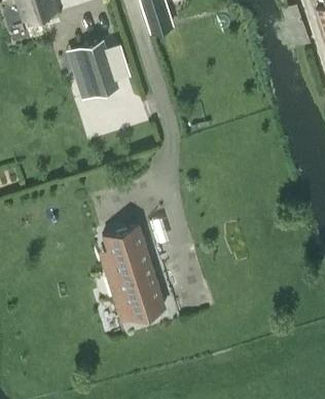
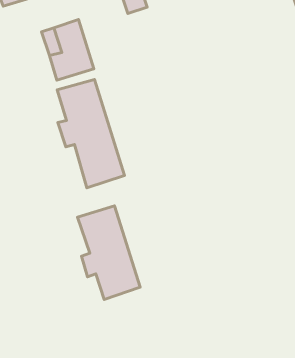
building: none -> [57,79,124,188]

